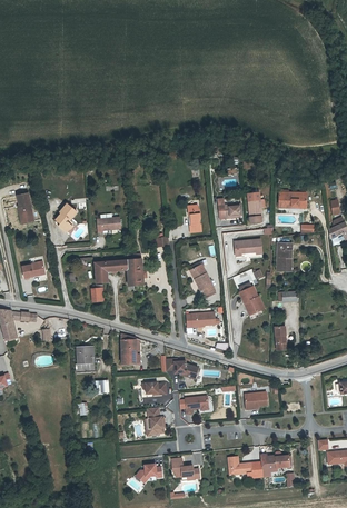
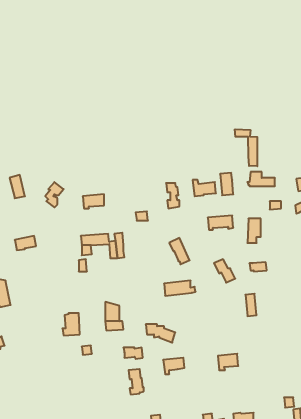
building: none -> [235,129,257,166]

